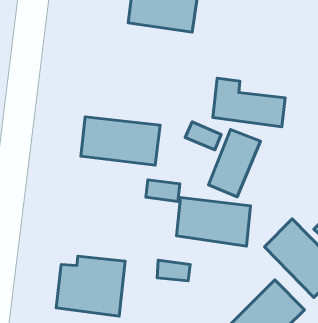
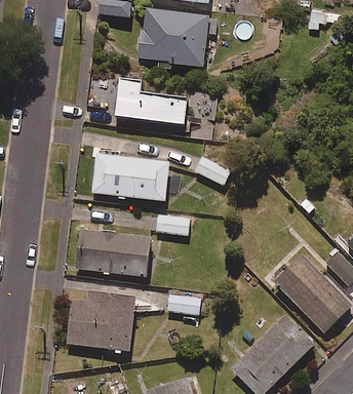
building: [213,78,285,127] -> [114,76,186,124]
building: [209,130,260,197] -> none
building: [176,197,251,246] -> [76,228,150,276]

